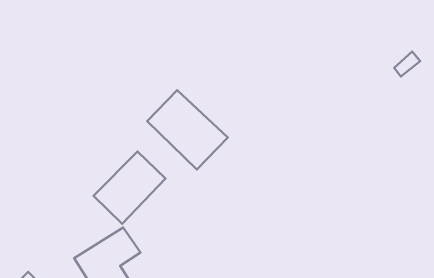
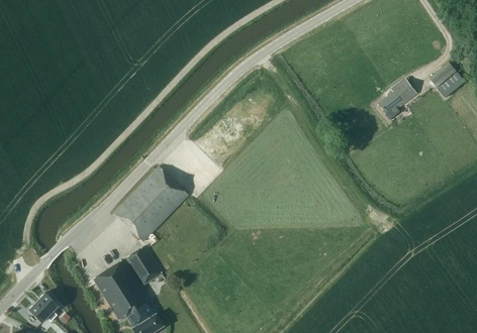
building: none -> [378,79,417,120]
building: [147,90,228,170] -> none

